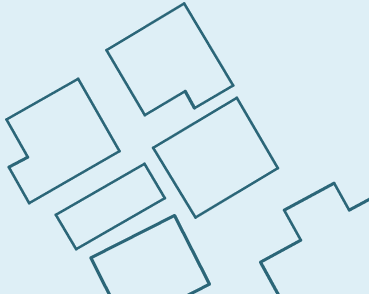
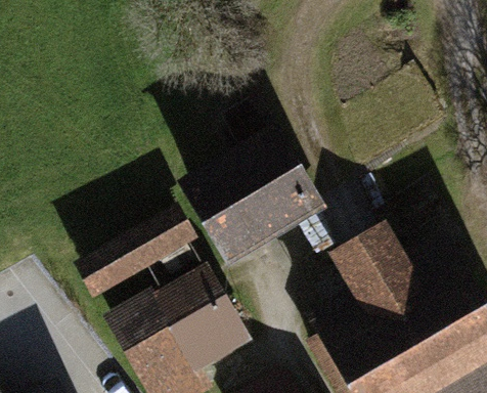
building: [107,4,233,115] -> none
building: [7,79,120,203] -> none

